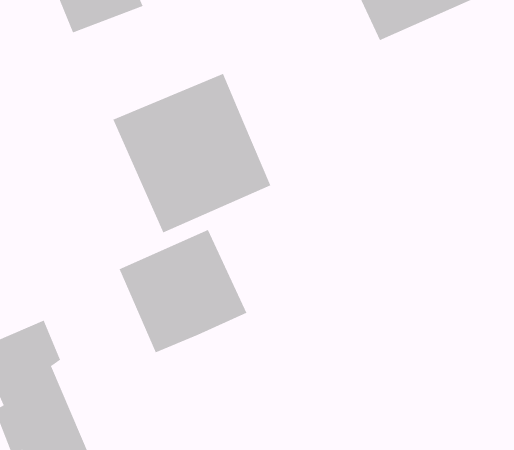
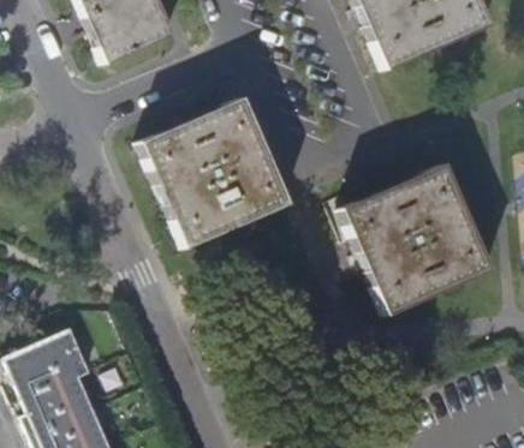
building: none -> [344,162,490,311]
building: [119,229,247,353] -> none

